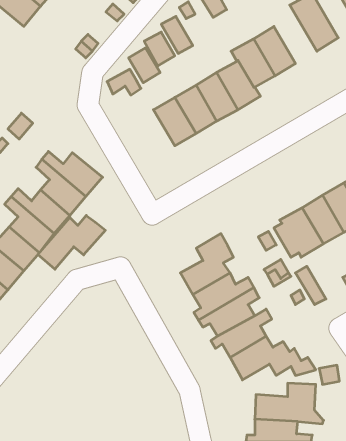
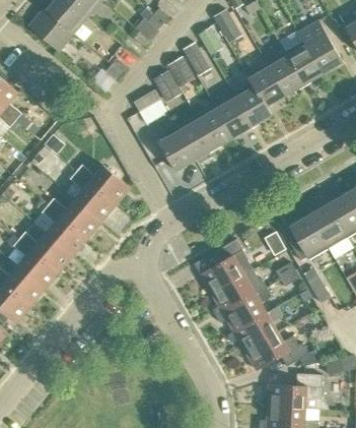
building: none -> [284,32,323,84]
building: none -> [156,126,195,171]
building: [38,215,105,269] -> none

